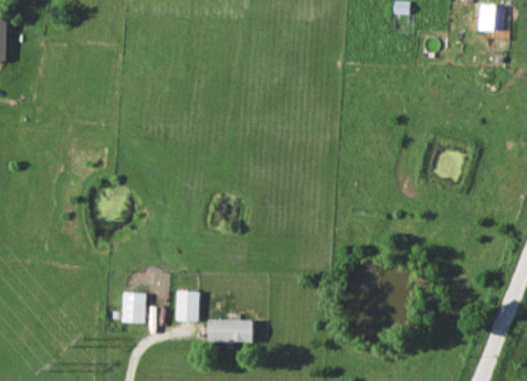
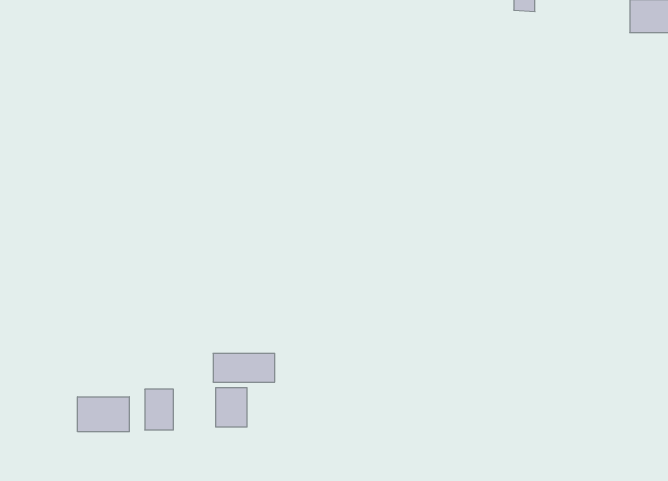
building: none -> [78,397,129,432]
building: [207,319,252,340] -> [213,353,275,382]

